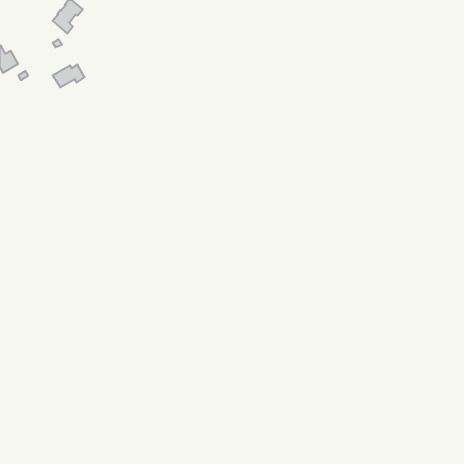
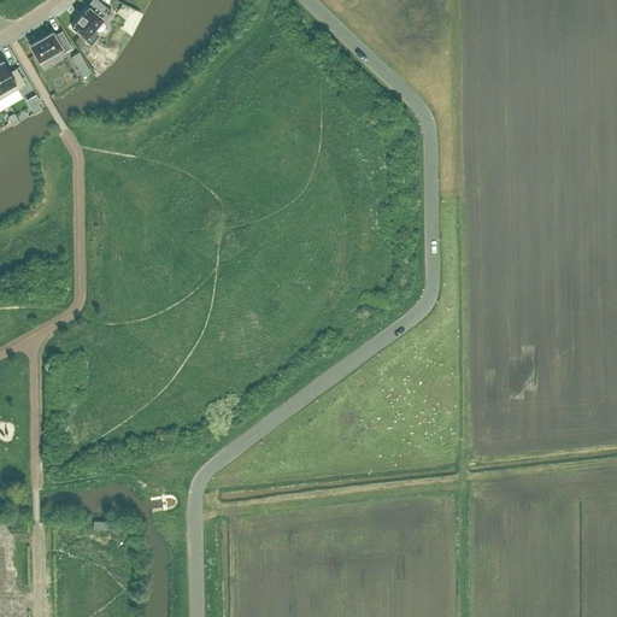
building: [53,65,85,87] -> [28,31,70,61]

